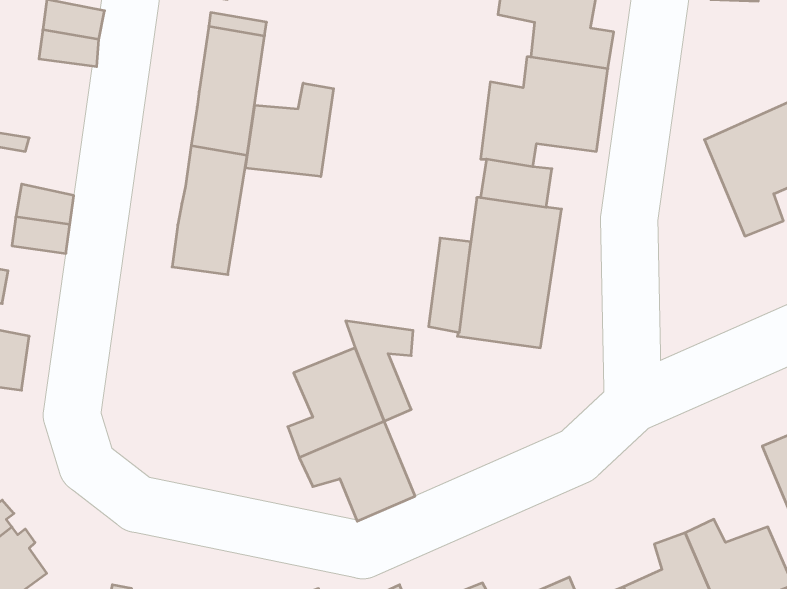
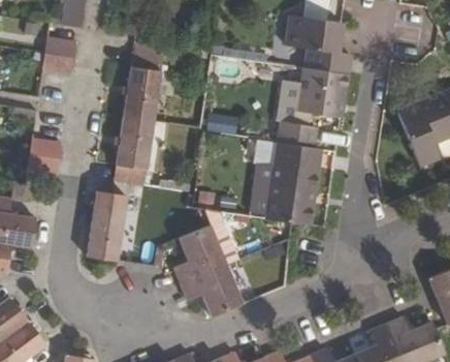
building: [245,83,334,177] -> none
building: none -> [86,192,127,261]

